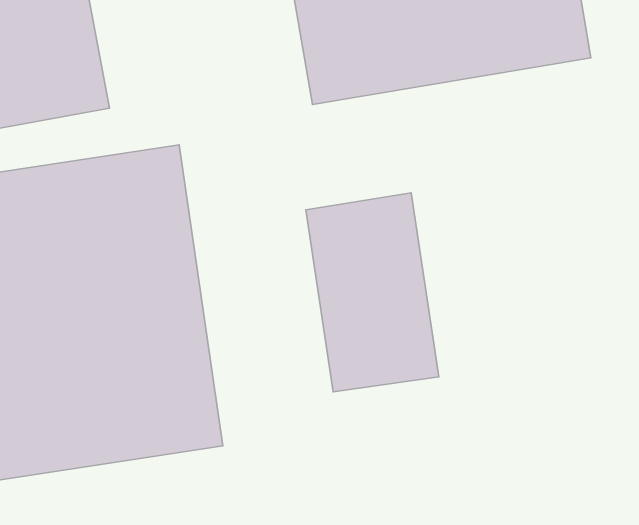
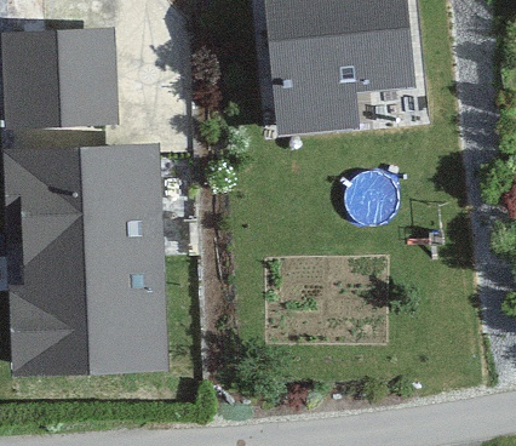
building: [306,193,439,392] -> none

